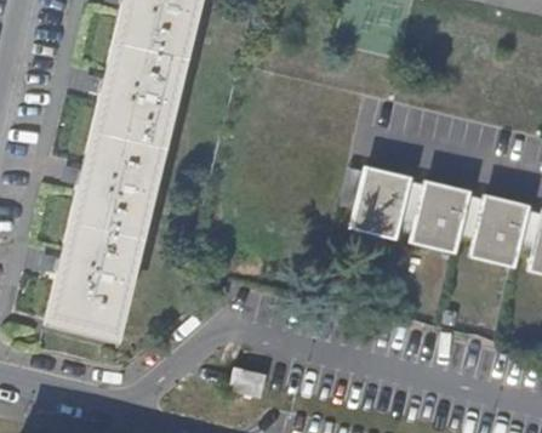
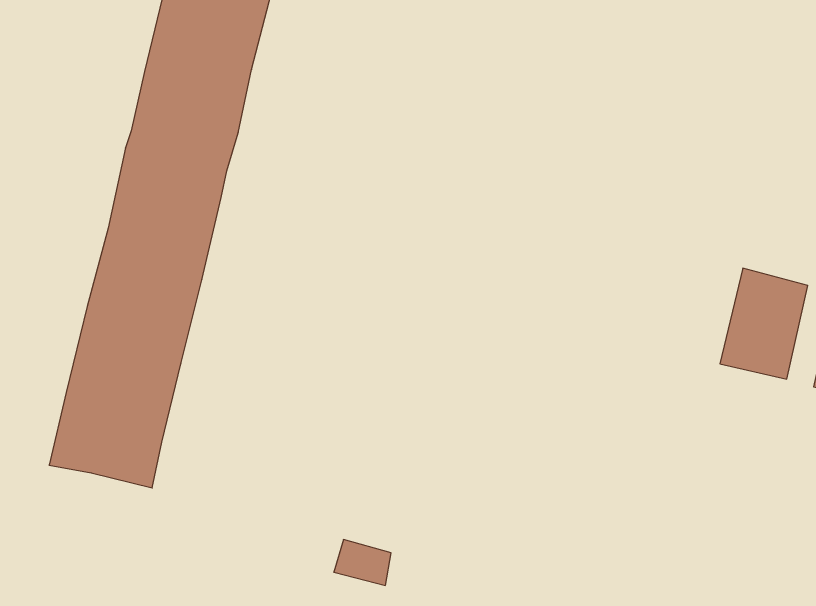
building: [355,167,411,237] -> none
building: [415,182,469,252] -> none

